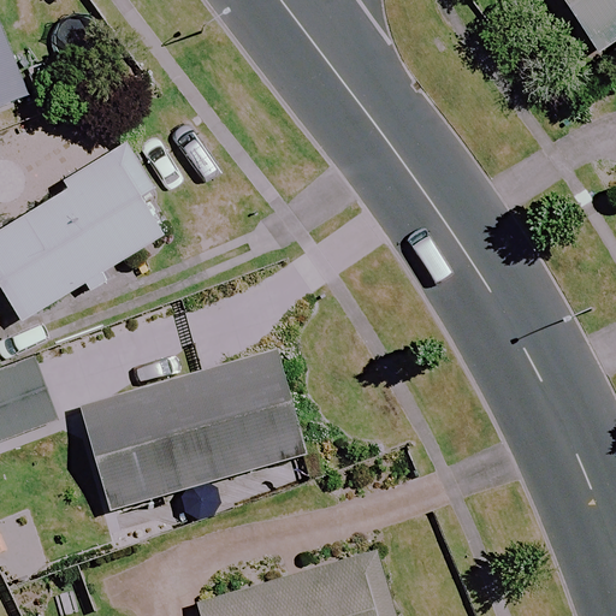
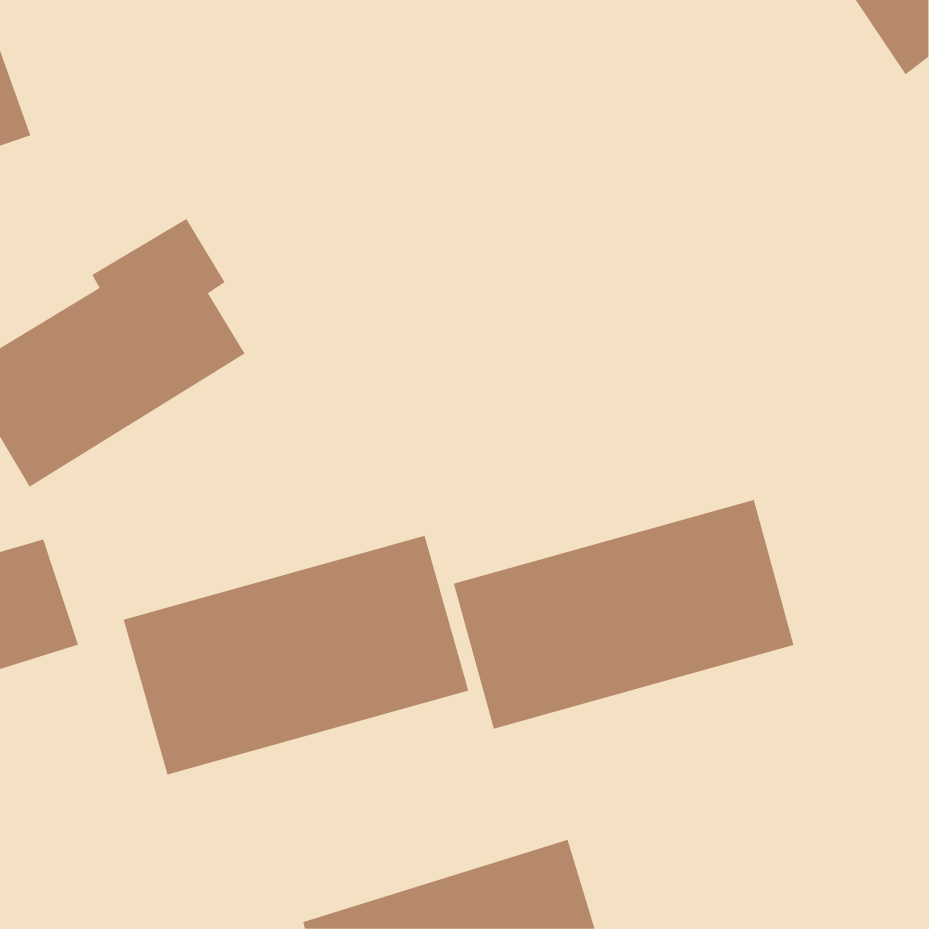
building: none -> [453,499,794,730]

